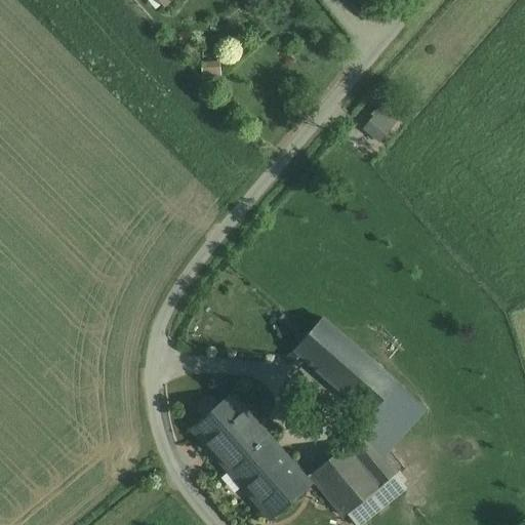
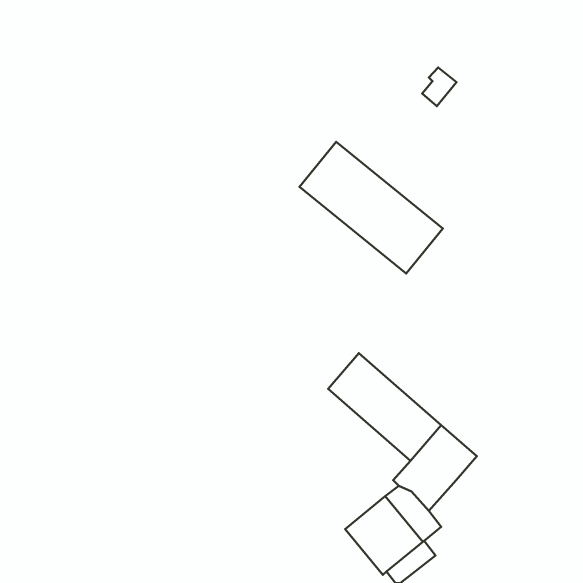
building: [365,105,396,139] -> [422,67,456,106]
building: none -> [299,142,443,274]
building: [193,396,308,517] -> none

